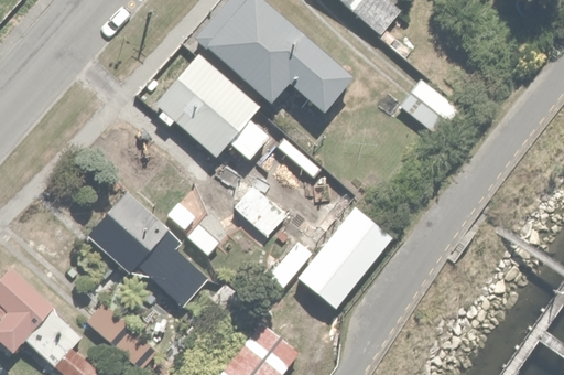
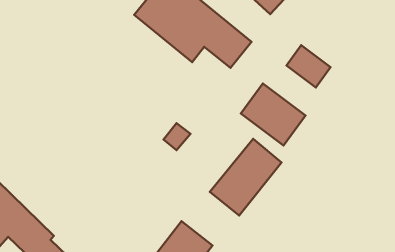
building: [153,51,269,158] -> none
building: none -> [241,84,306,146]
building: [86,189,212,311] -> none

